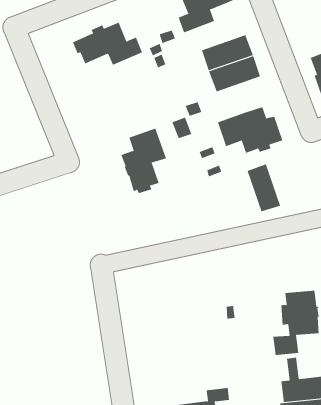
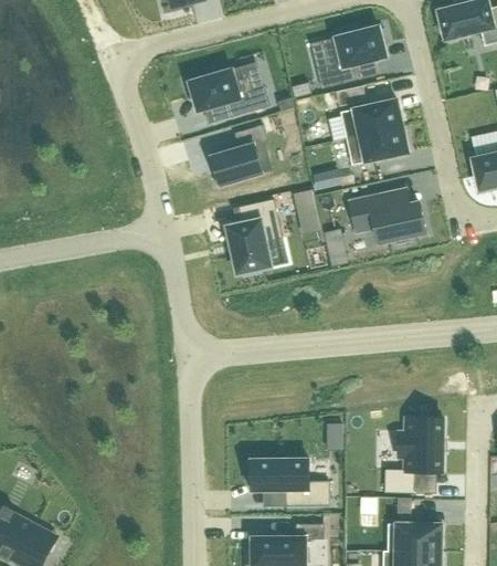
building: none -> [210,124,272,186]
building: [247,164,281,212] -> none
building: none -> [246,454,328,505]

